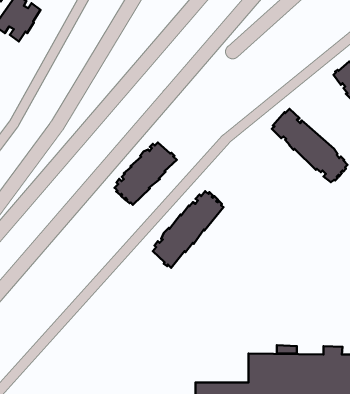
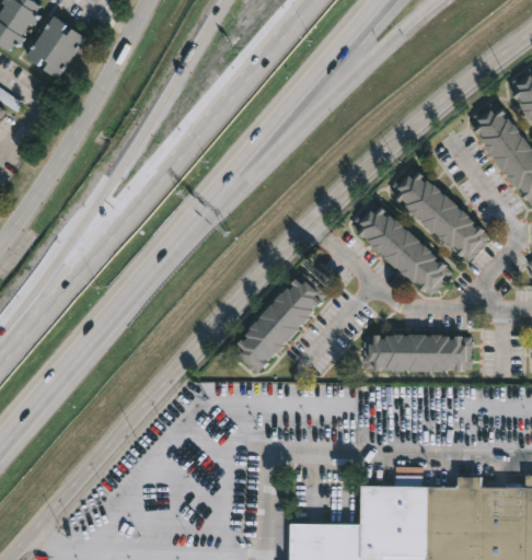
building: none -> [352,202,452,298]
building: [115,143,177,205] -> none
building: none -> [363,336,472,373]

